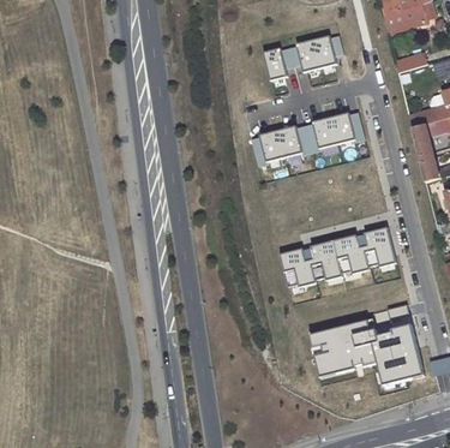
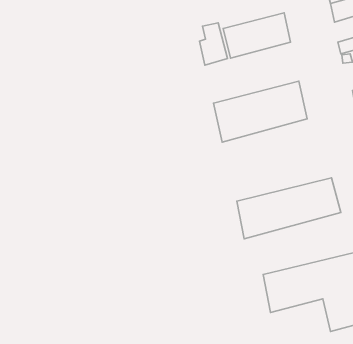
building: none -> [199,23,227,65]

